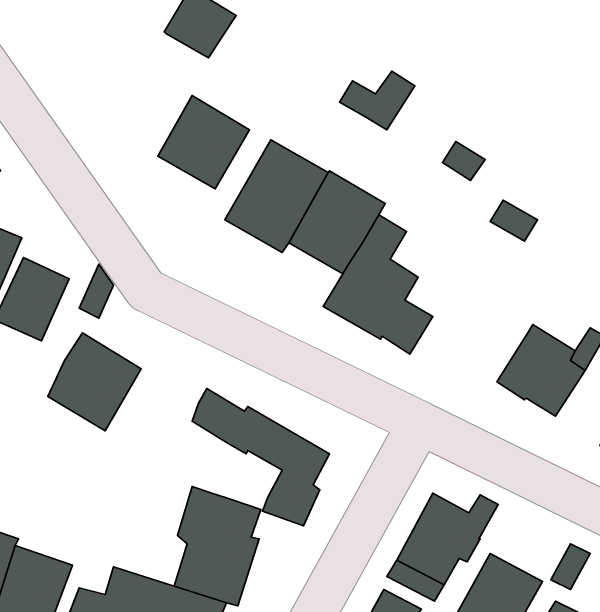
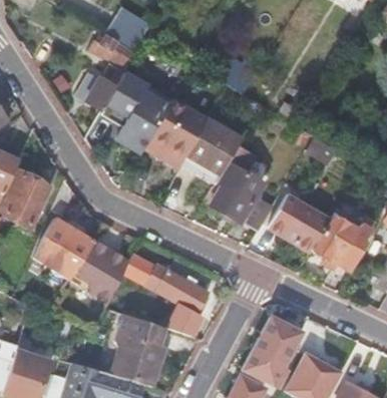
building: none -> [76,35,134,110]
building: none -> [270,193,330,253]
building: none -> [71,241,128,302]

